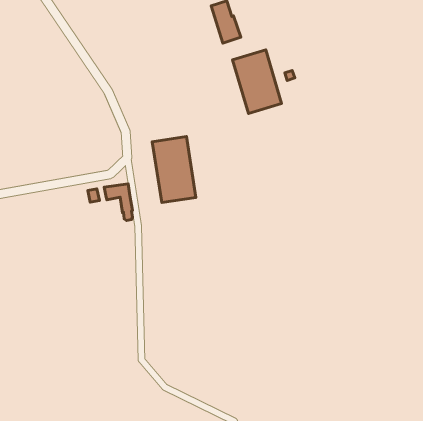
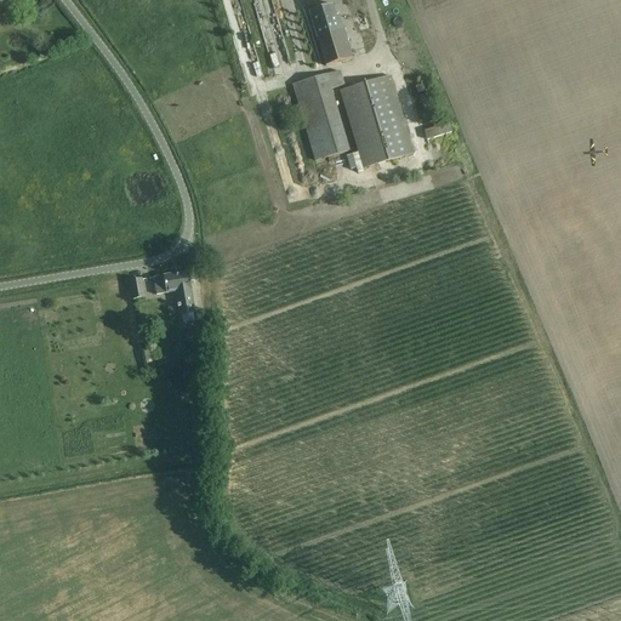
building: none -> [292,68,348,158]
building: [152,137,196,203] -> none

